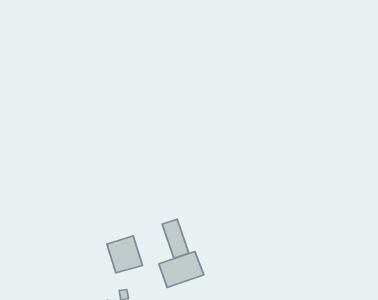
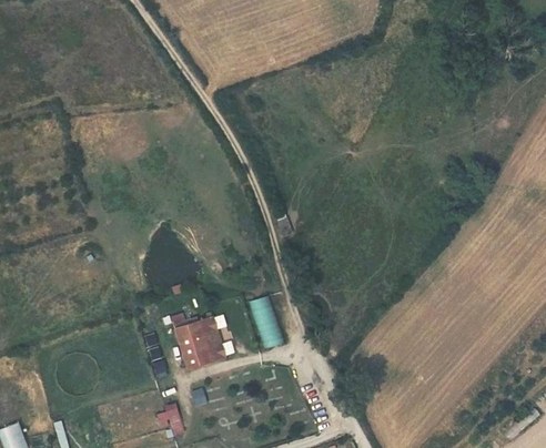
building: [159,251,204,288] -> none

